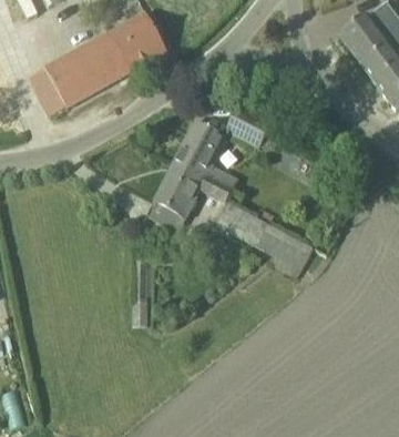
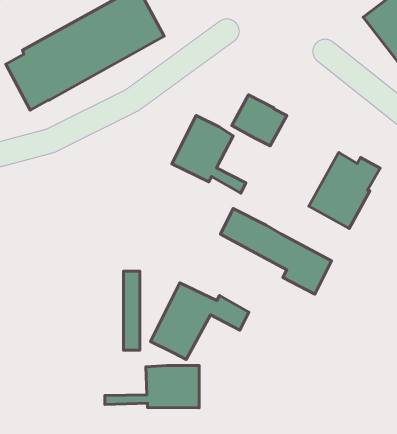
building: none -> [309,152,380,228]
building: [149,163,234,230] -> [151,283,249,359]
building: none -> [105,366,199,408]

